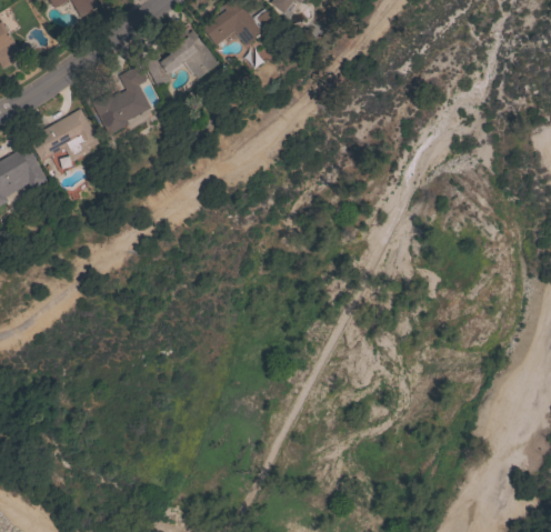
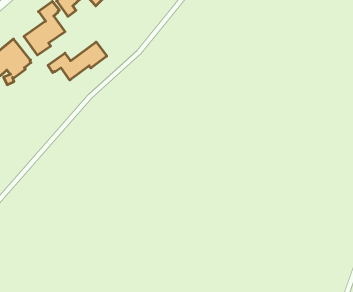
building: none -> [48,42,107,80]

